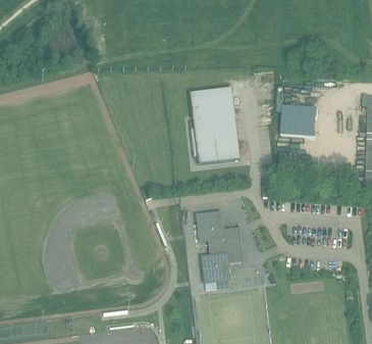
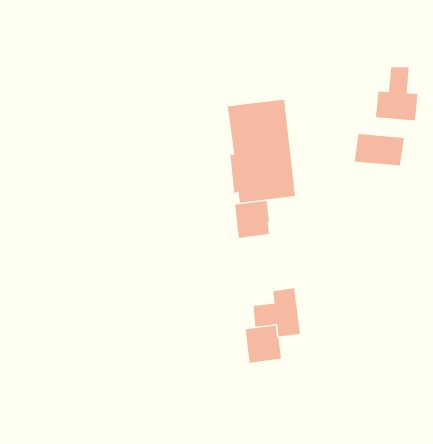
building: none -> [373,66,418,121]
building: [196,211,222,240] -> [234,200,270,239]

